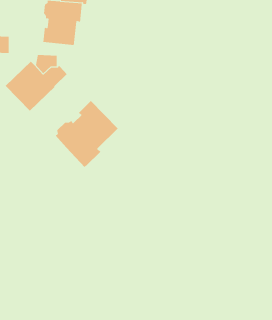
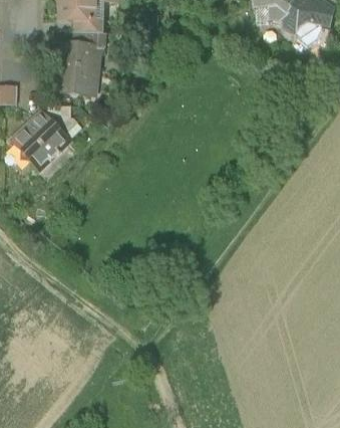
building: [55,100,119,168] -> none

